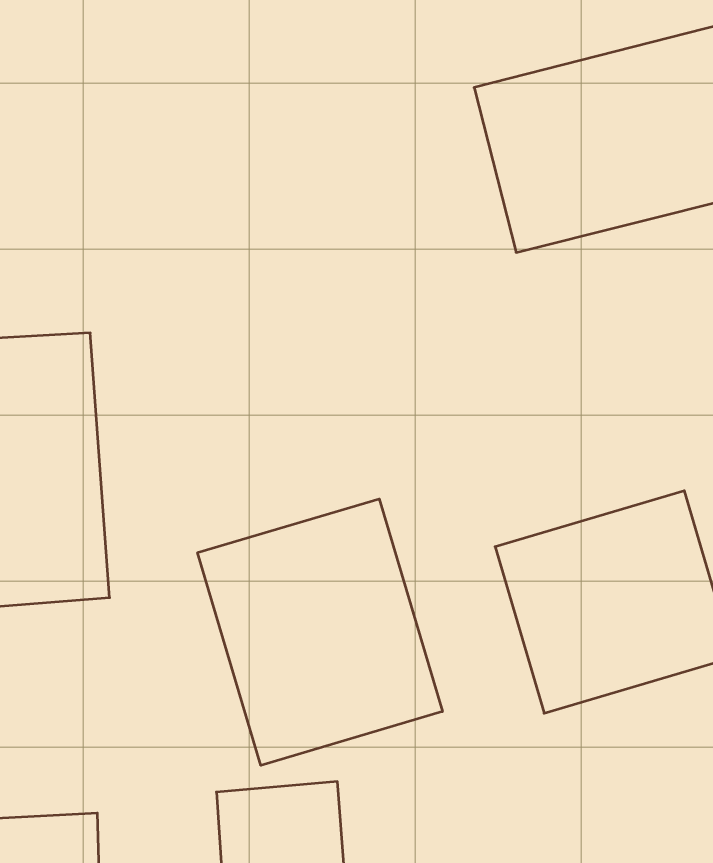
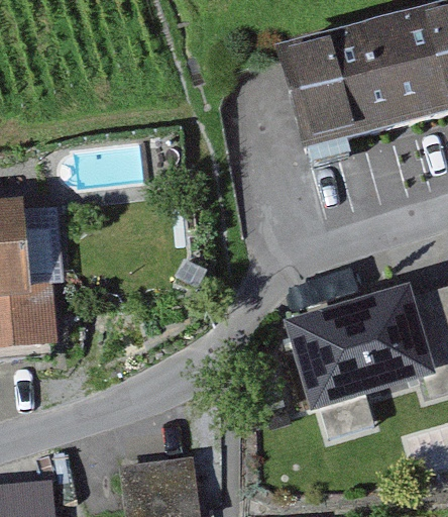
building: [198,499,442,765] -> none

